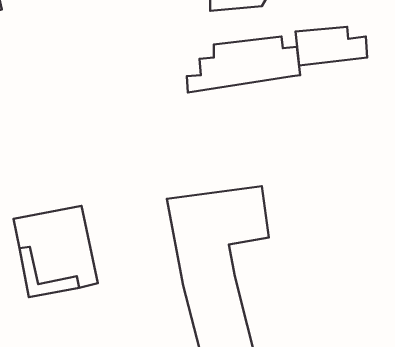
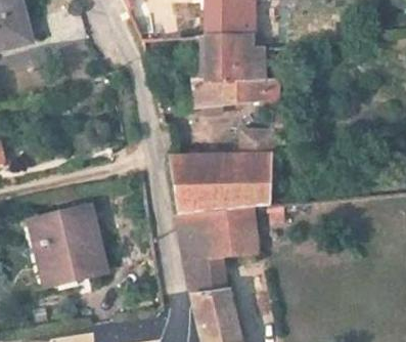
building: [296,27,367,66] -> [208,39,270,73]
building: none -> [160,119,265,208]

